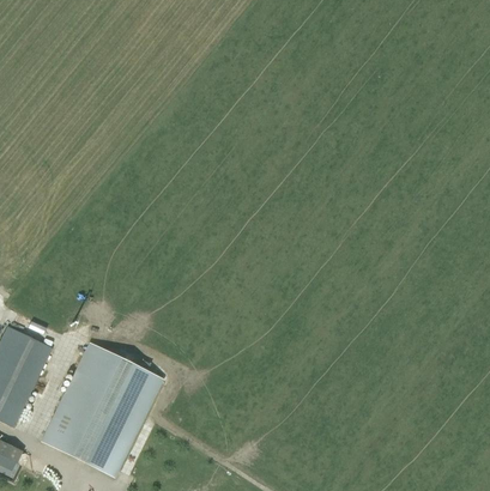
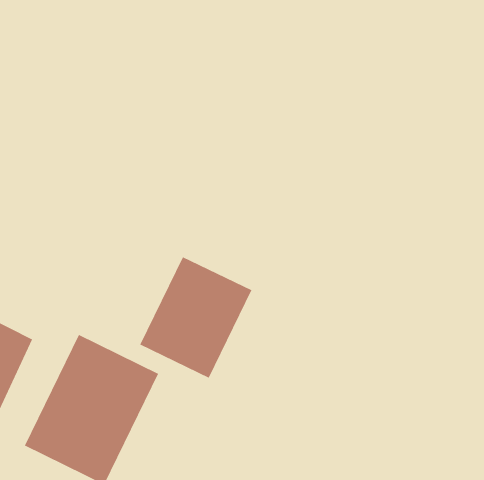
building: none -> [139,256,253,379]

